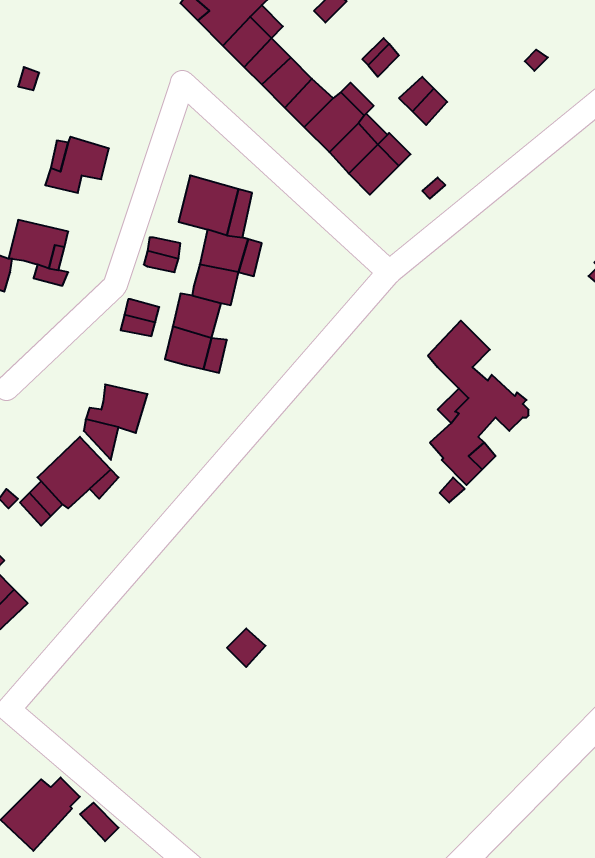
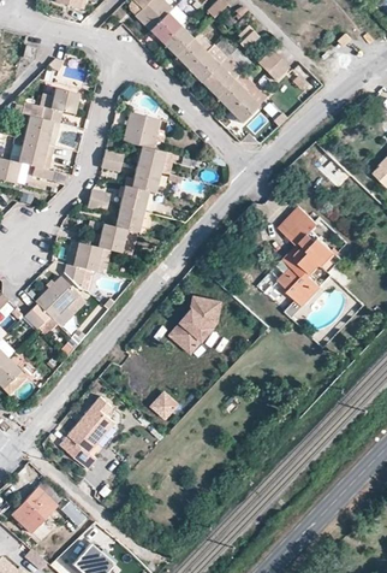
building: none -> [22,116,59,147]
building: none -> [76,223,126,253]
building: none -> [169,299,218,353]
building: none -> [61,394,117,465]

